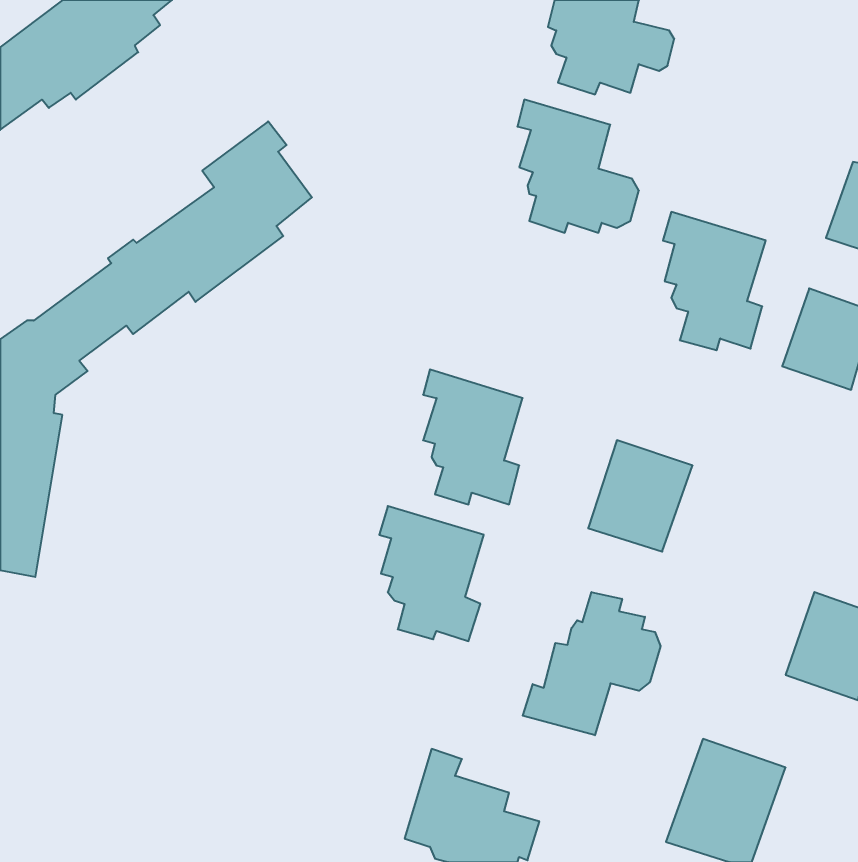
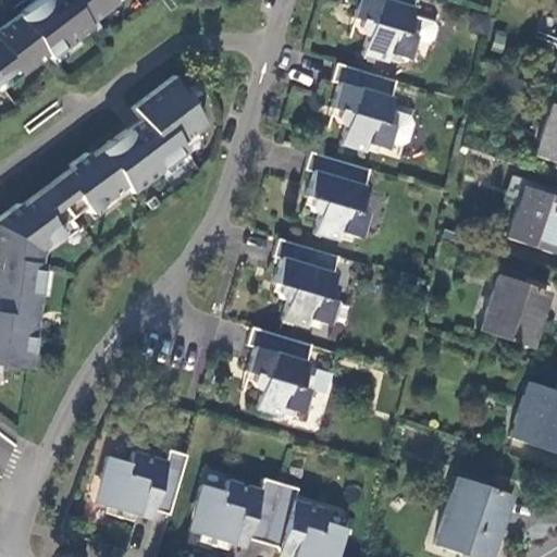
building: [663,212,766,350] -> [305,150,371,239]
building: [588,440,693,552] -> [479,274,546,346]
building: [523,592,660,735] -> none
building: none -> [99,449,187,517]
building: none -> [191,478,281,543]

